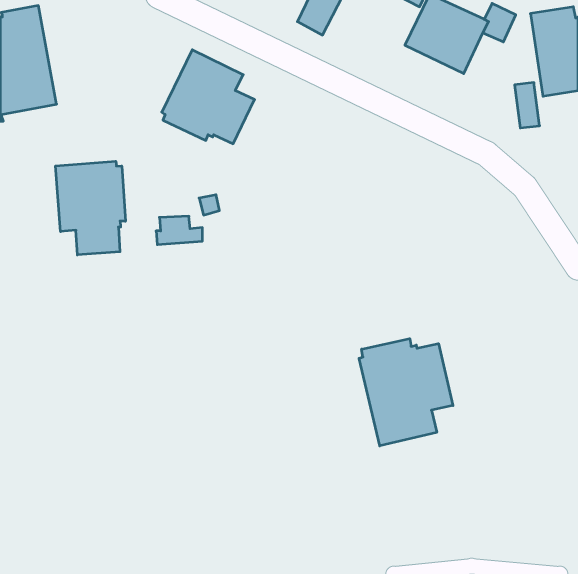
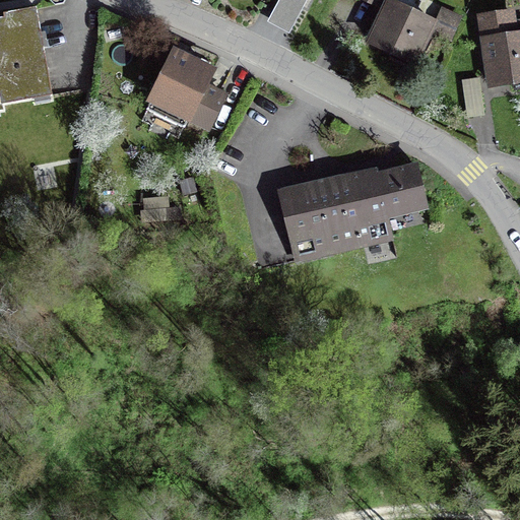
building: [56,161,125,255] -> none
building: none -> [277,161,429,261]
building: [359,339,453,446] -> none

